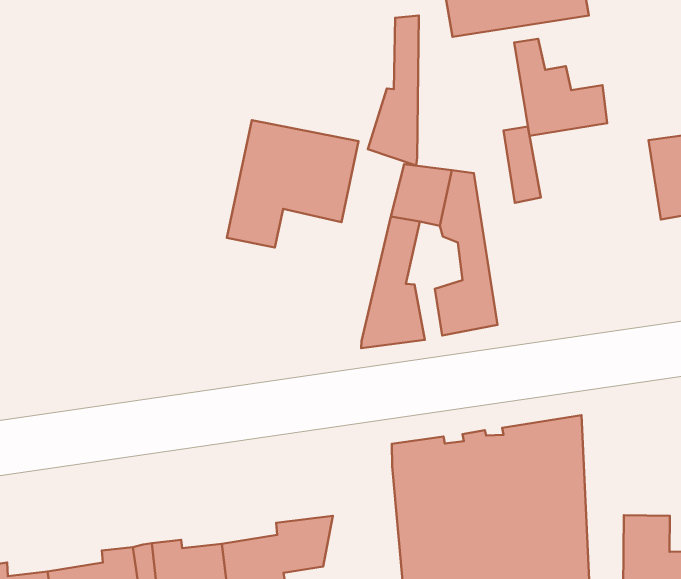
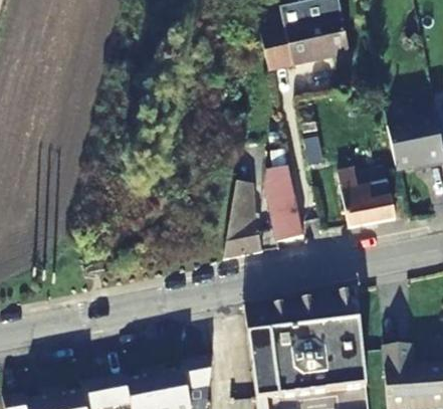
building: [368,15,419,166] -> none
building: [514,39,607,136] -> [342,170,399,227]
building: [227,120,359,248] -> none

